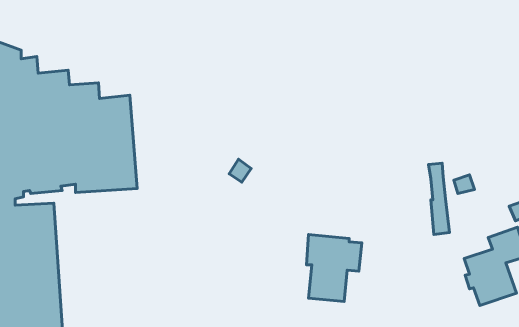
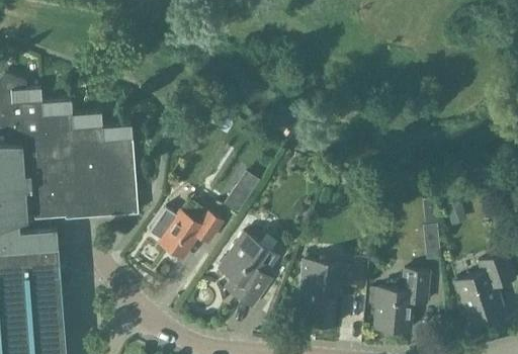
building: none -> [150,207,223,258]
building: none -> [220,234,277,306]
building: none -> [374,269,430,332]

